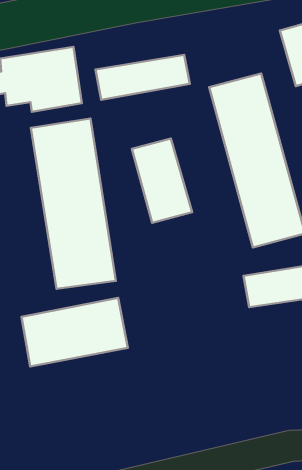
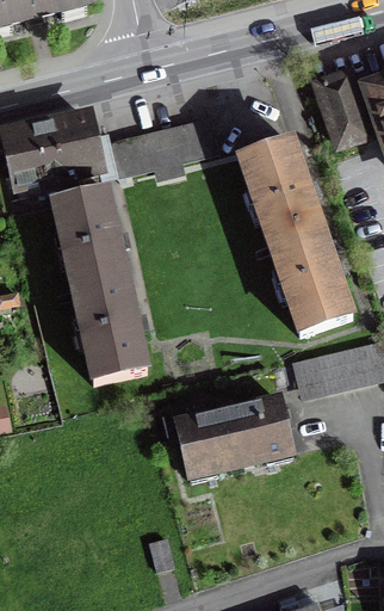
building: [132,139,192,223] -> none
building: [22,298,128,367] -> [175,393,296,475]

